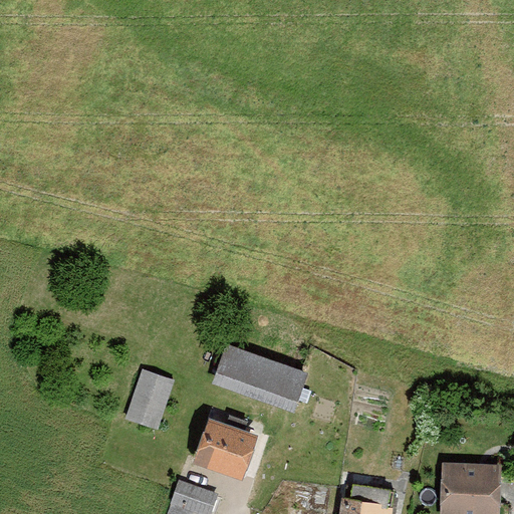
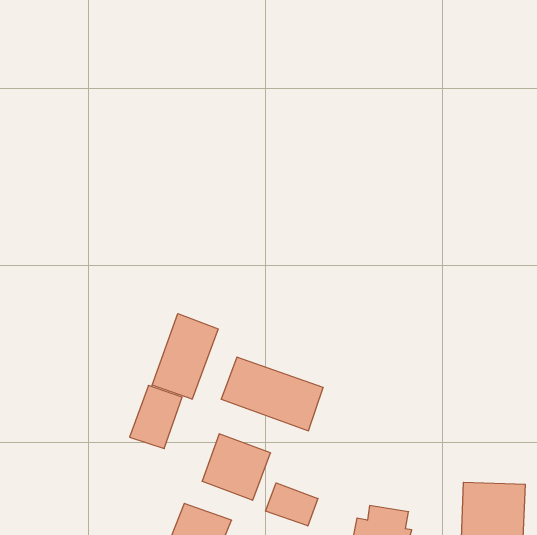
building: none -> [152,314,218,399]
building: none -> [265,483,318,526]

